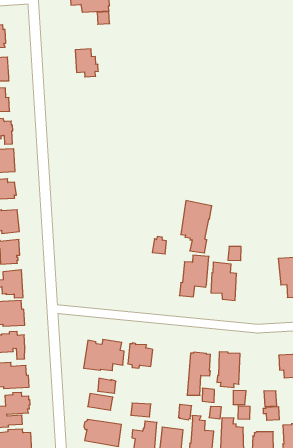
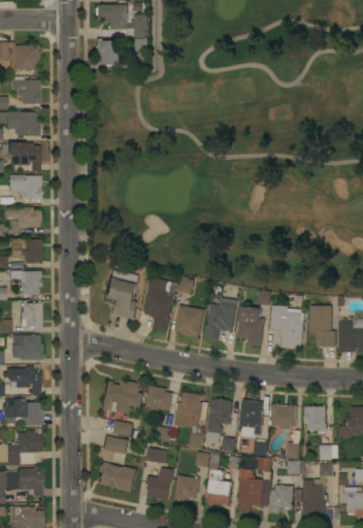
building: [75,49,98,77] -> [96,40,119,69]
building: [181,201,212,253] -> [144,276,178,332]
building: none -> [104,269,139,320]
building: none -> [270,304,305,349]
building: none -> [175,304,205,337]
building: none -> [157,392,208,449]
building: none -> [271,404,297,432]

